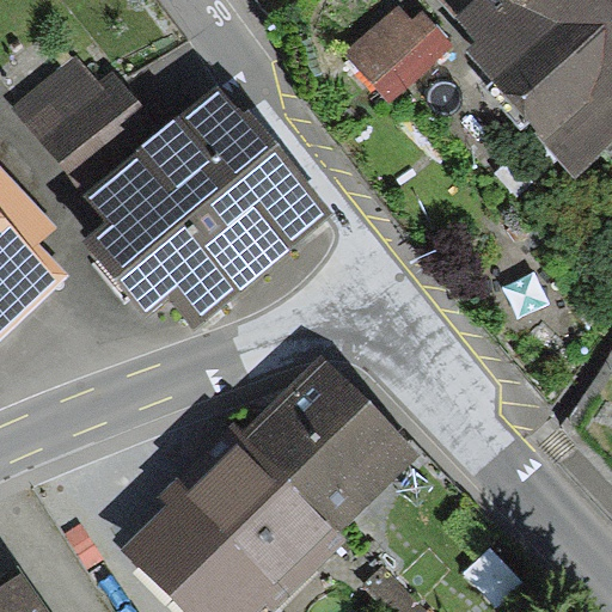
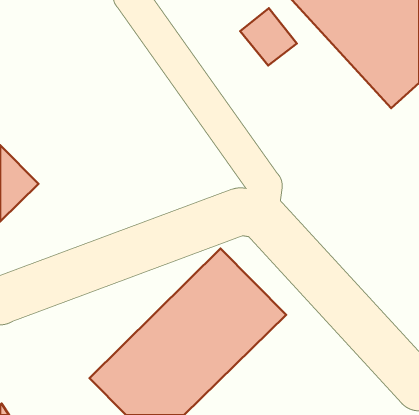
building: [19,55,142,177] -> none
building: [81,88,313,318] -> none

